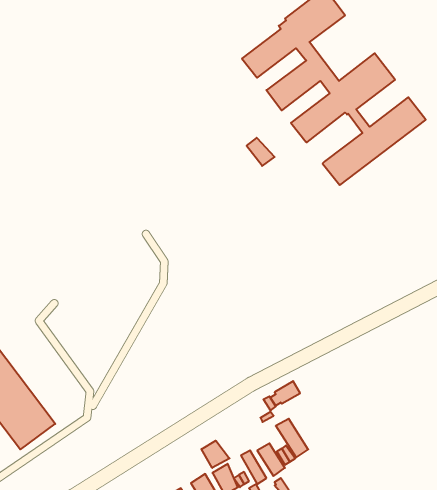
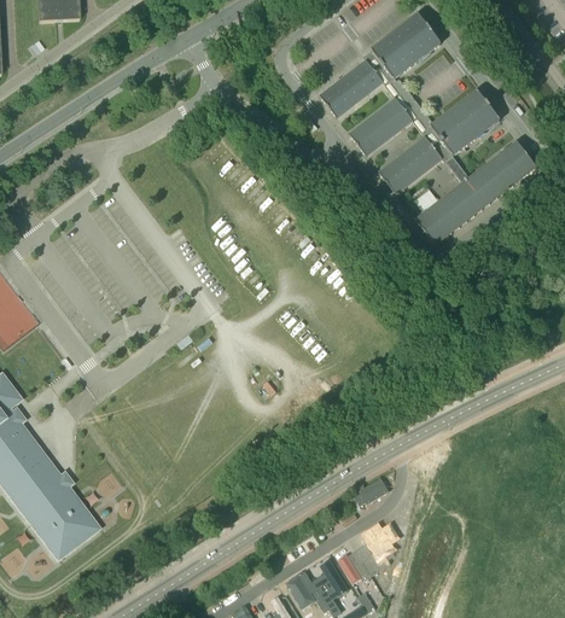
building: [247,138,275,166] -> none
building: [201,441,230,468] -> none

